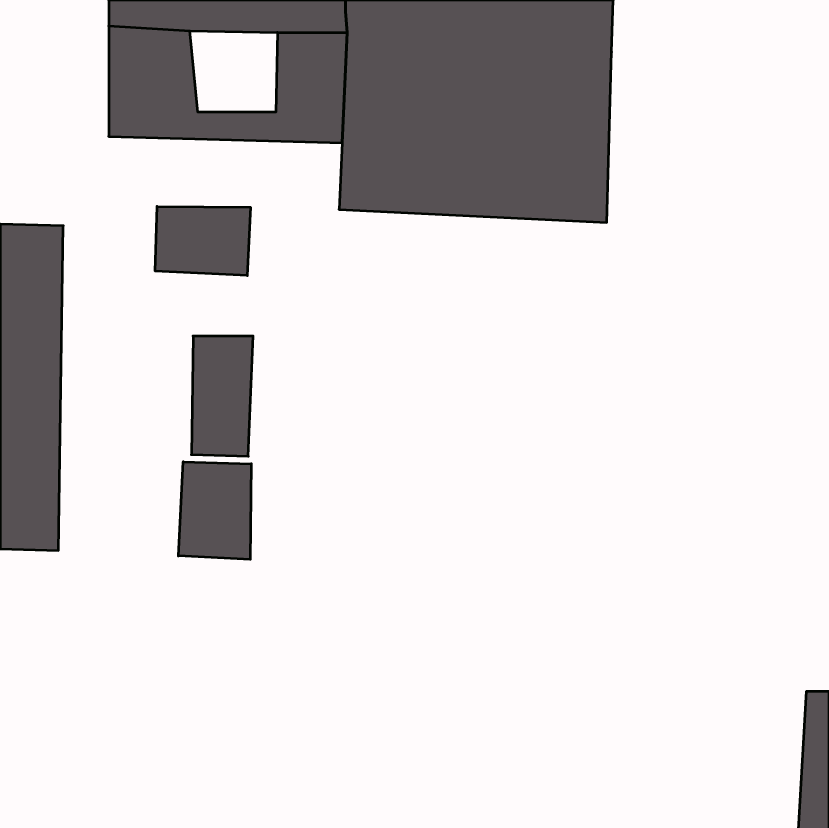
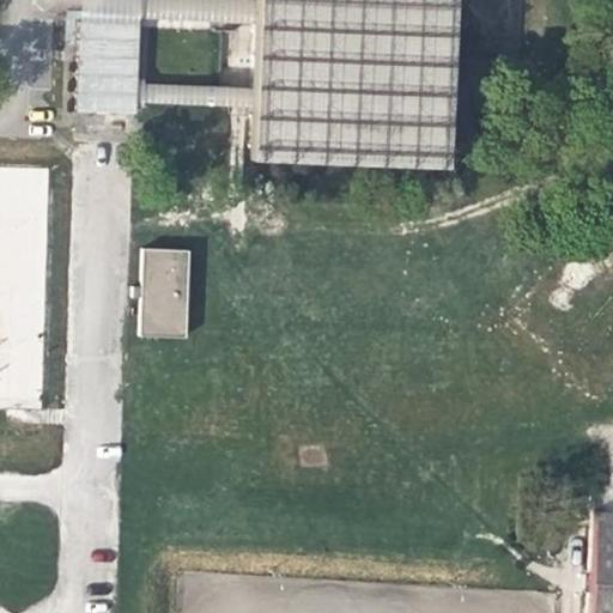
building: [155,206,250,276] -> none
building: [178,462,251,559] -> none

